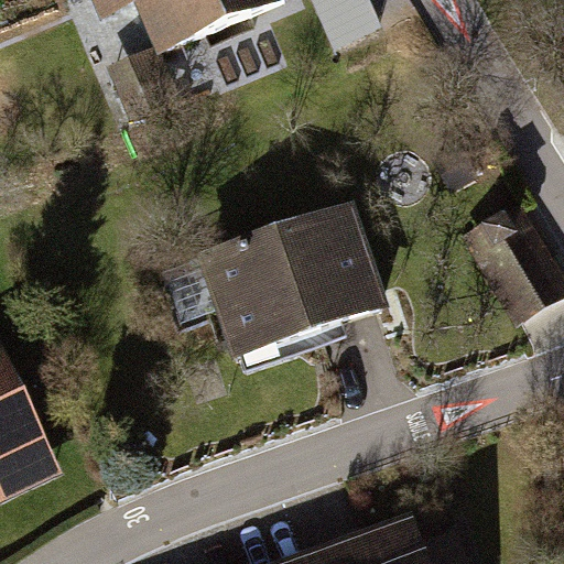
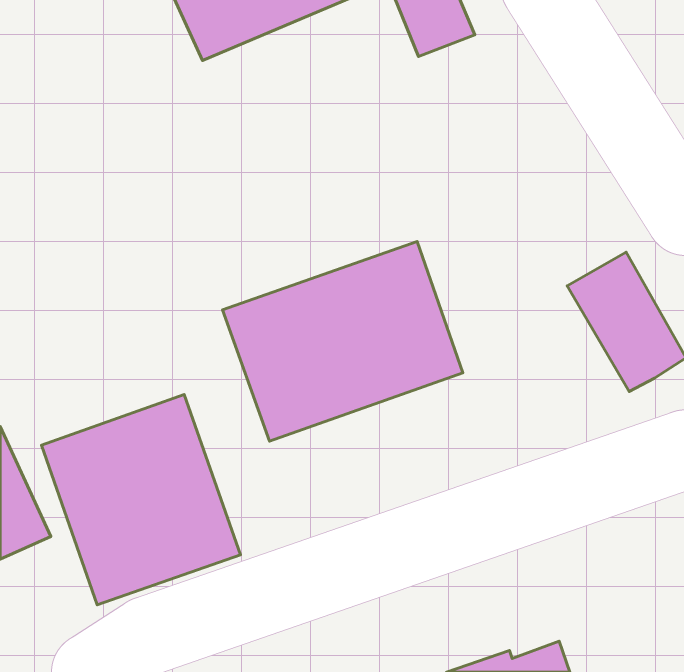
building: none -> [42,394,241,605]

